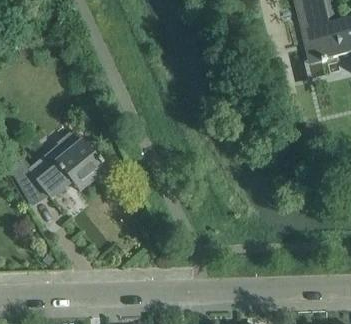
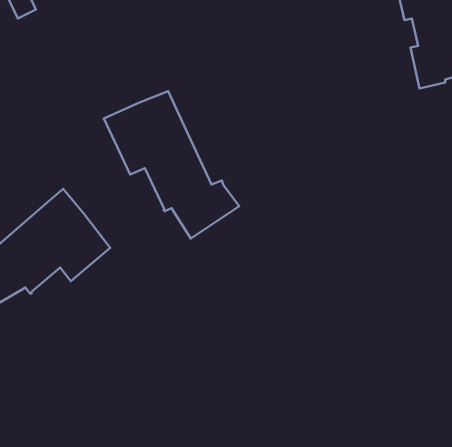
building: none -> [104,91,239,239]

